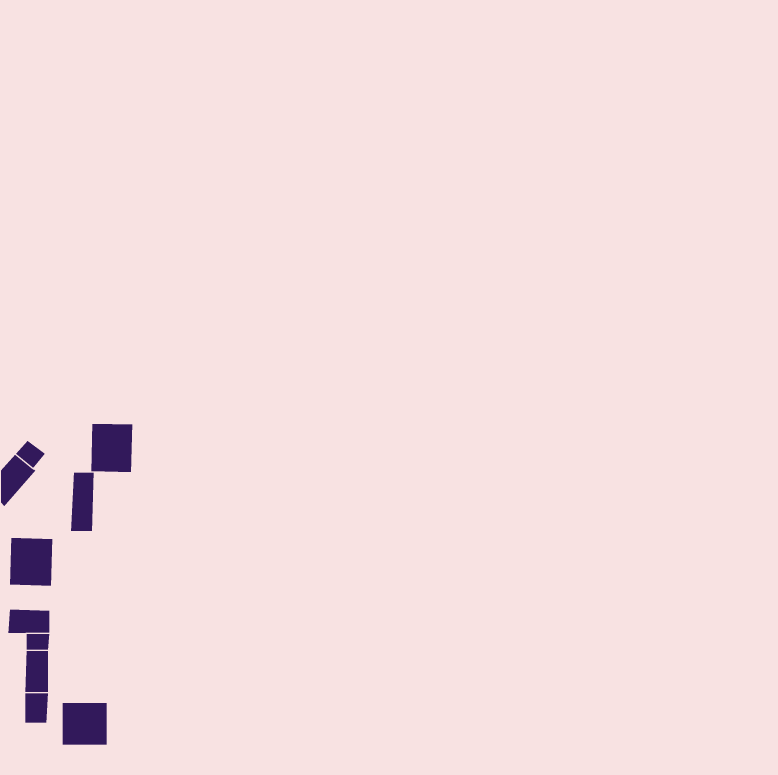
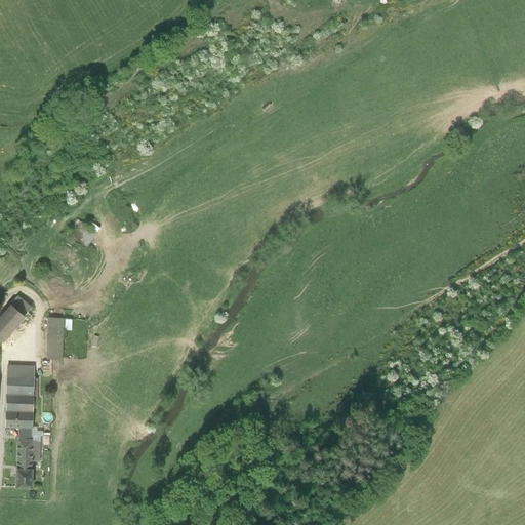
building: [91,423,133,473] -> none
building: none -> [6,394,35,411]
building: [62,702,107,746] -> none

